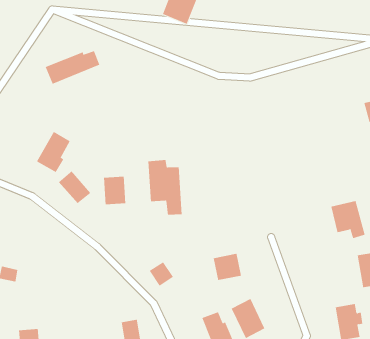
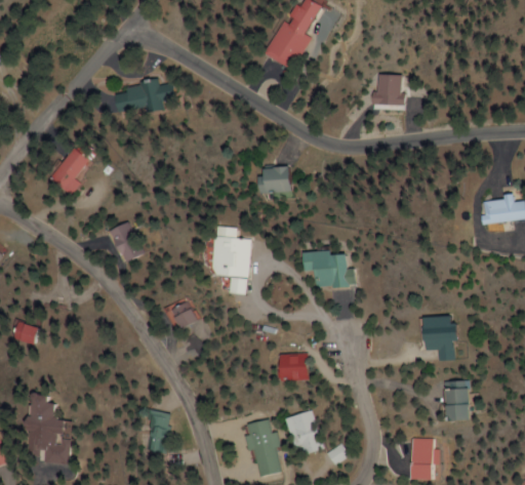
building: none -> [369,75,402,107]
building: none -> [264,167,295,193]
building: [36,131,71,173] -> [48,147,93,197]
building: none -> [302,252,356,287]
building: [103,176,126,205] -> none
building: [149,262,174,286] -> [163,301,192,330]

